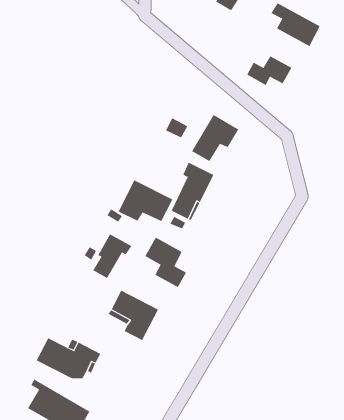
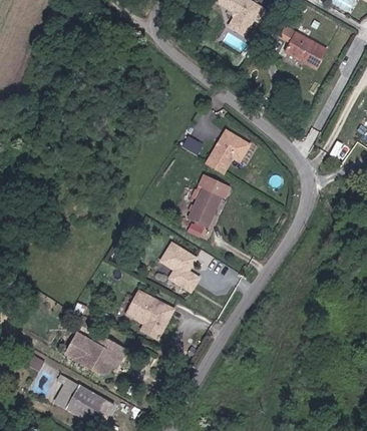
building: [247,55,292,86] -> none
building: [118,180,173,222] -> none
building: [92,234,132,279] -> none

